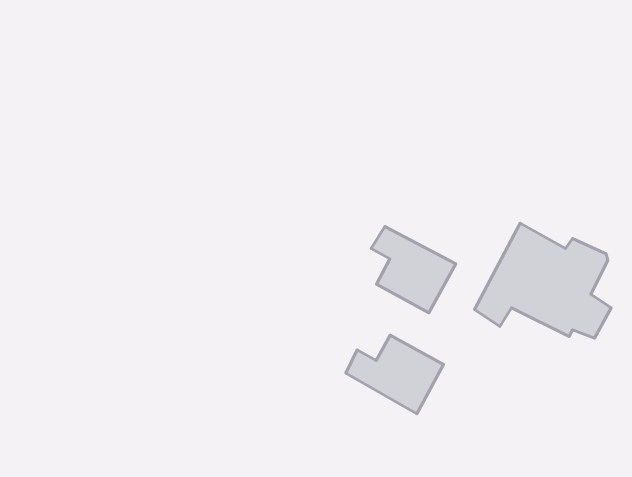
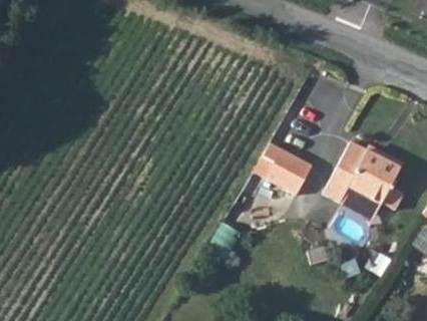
building: [346,335,444,414] -> none

